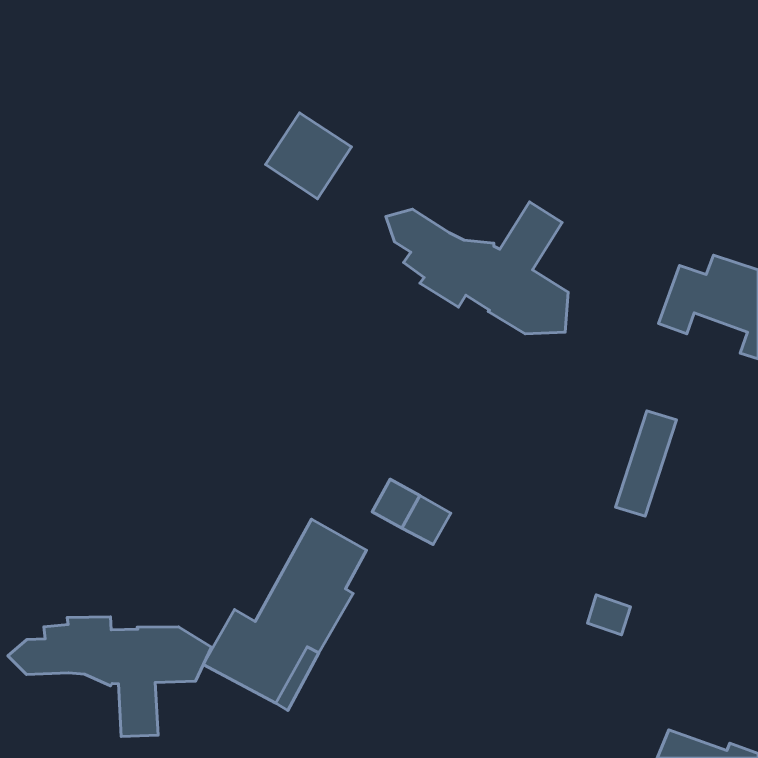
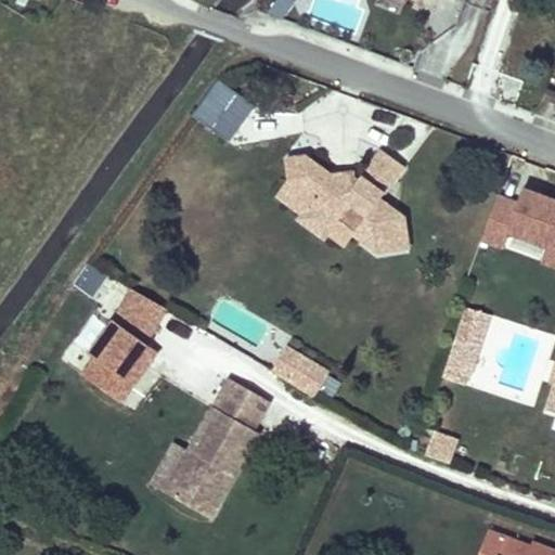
building: none -> [276,177,358,241]
building: none -> [81,289,169,403]
building: [8,617,211,737] -> none

